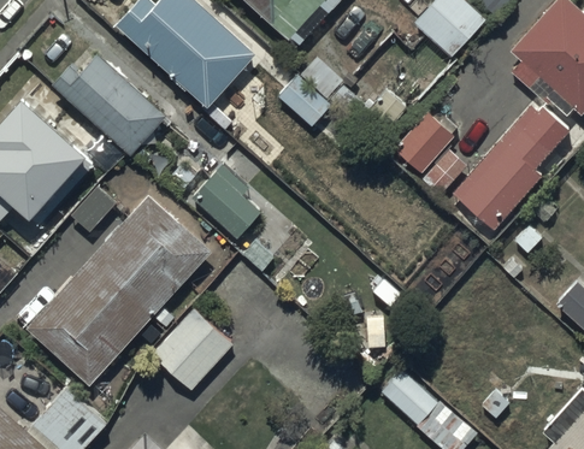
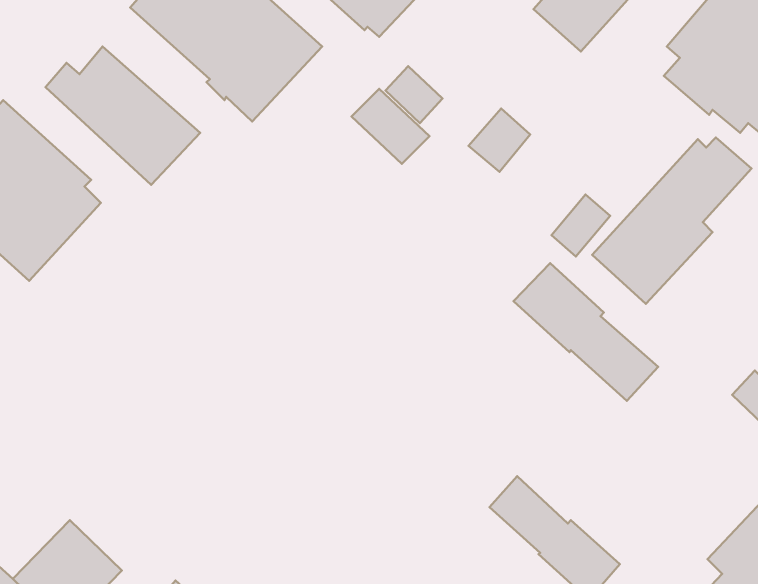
building: [393,118,458,182] -> none
building: [195,160,255,235] -> none
building: [31,205,210,391] -> none
building: none -> [514,263,658,401]
building: [151,306,231,386] -> none

